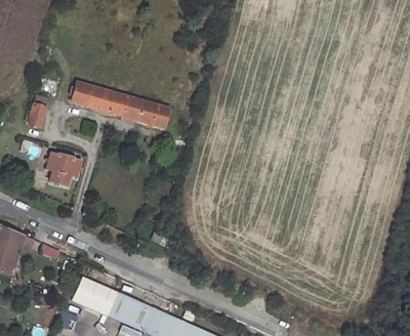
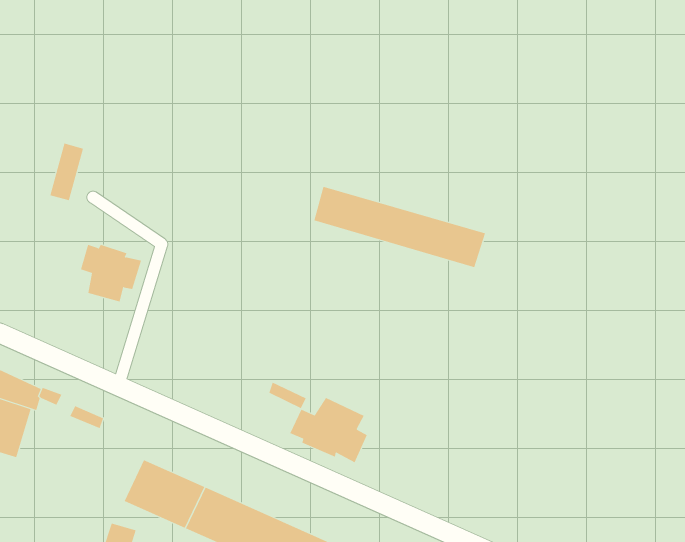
building: [73,82,170,128] -> [314,186,486,268]
building: none -> [289,397,367,463]

